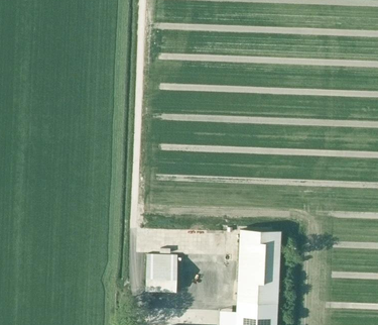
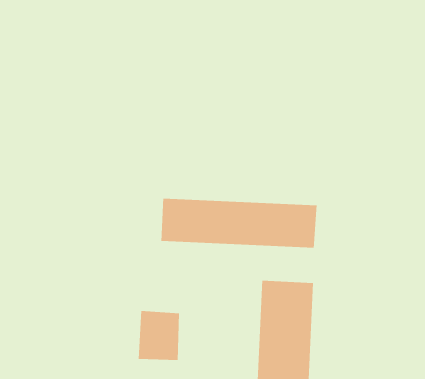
building: none -> [161,198,317,248]

